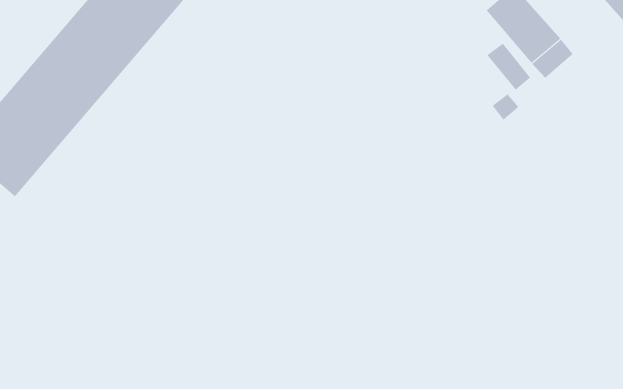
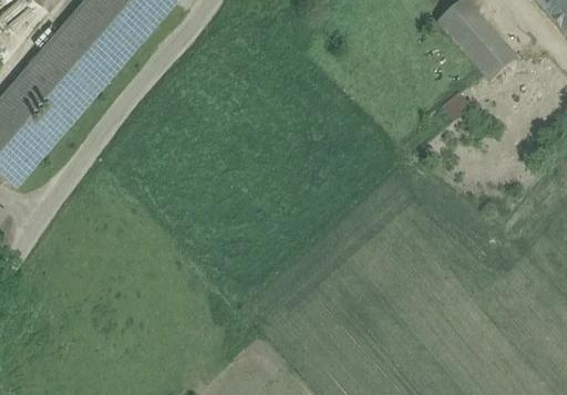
building: [486,43,531,90] -> none

